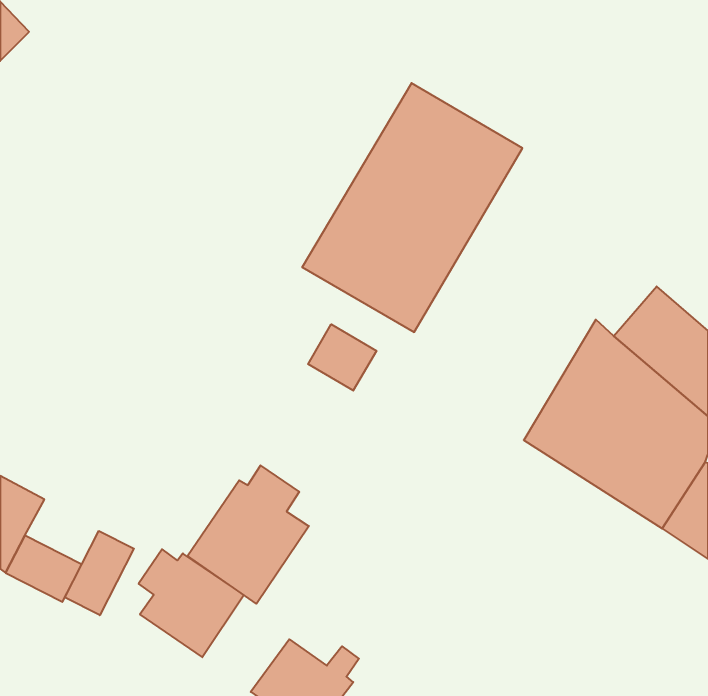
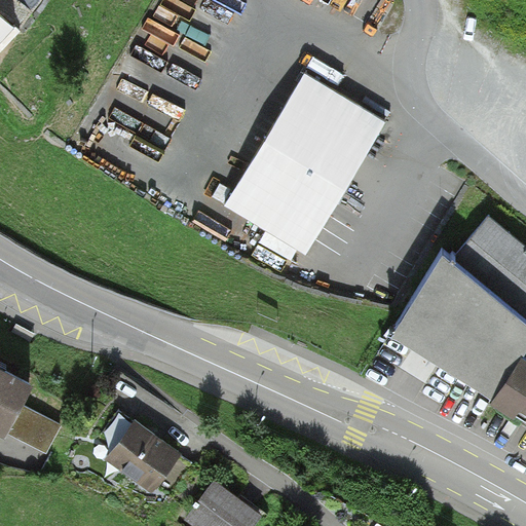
building: [308,324,376,391] -> none
building: [188,465,309,604] -> none
building: [65,531,134,615] -> none

